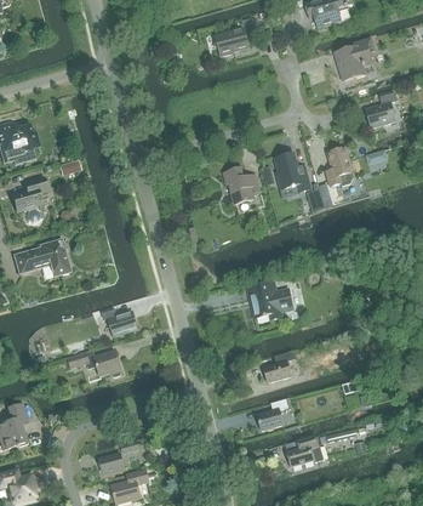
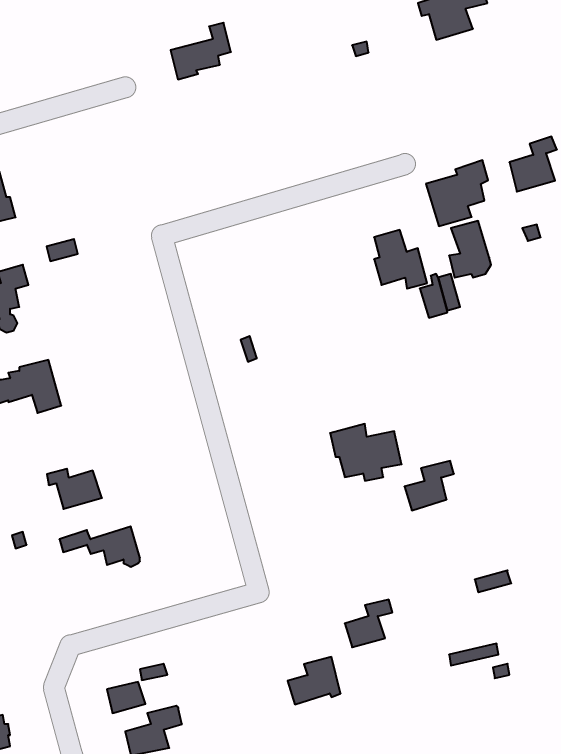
building: [216,17,256,55] -> [171,23,231,79]
building: [335,35,376,79] -> [426,160,488,226]
building: [224,167,259,204] -> none
building: [102,308,138,335] -> [47,469,102,509]
building: [263,349,296,382] -> [404,461,454,510]
building: [286,434,321,466] -> [288,657,341,704]

